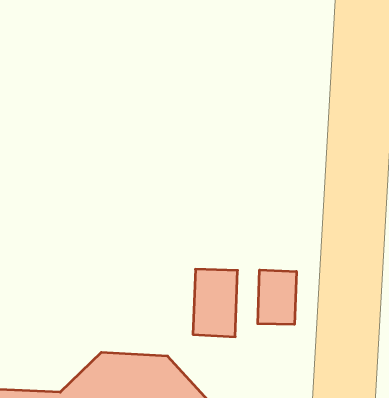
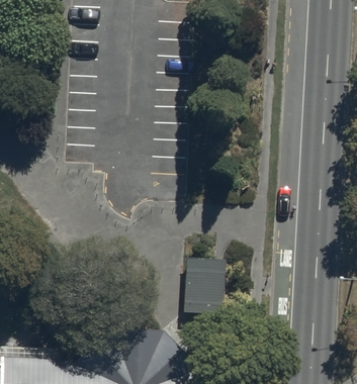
building: [258,270,296,324] -> none

